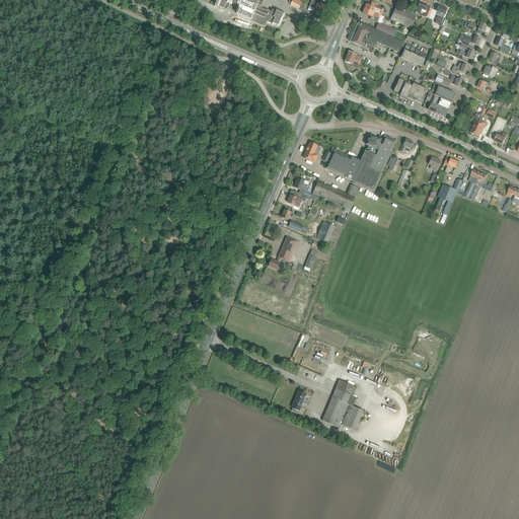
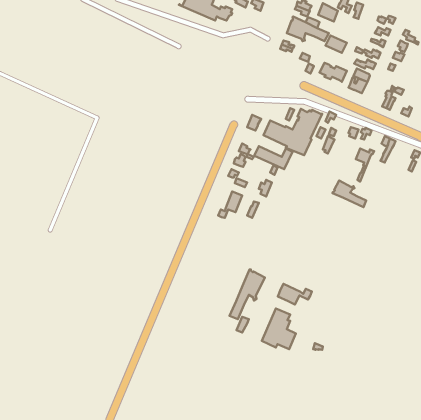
building: none -> [333,181,366,207]
building: none -> [229,269,265,319]
building: none -> [278,284,312,304]

